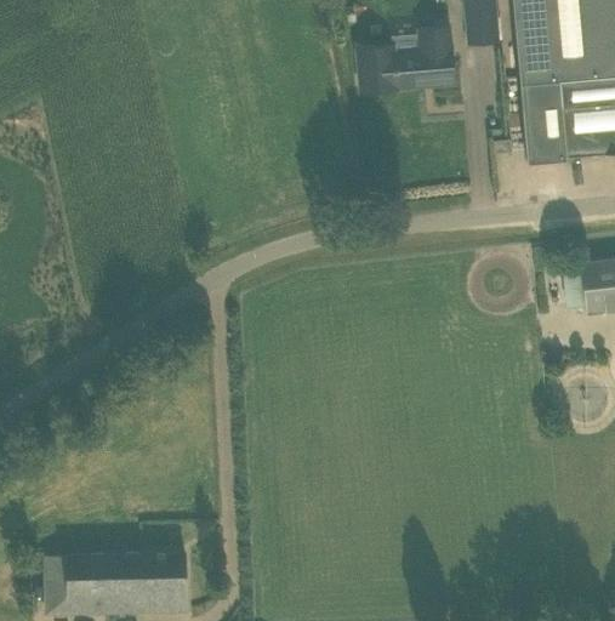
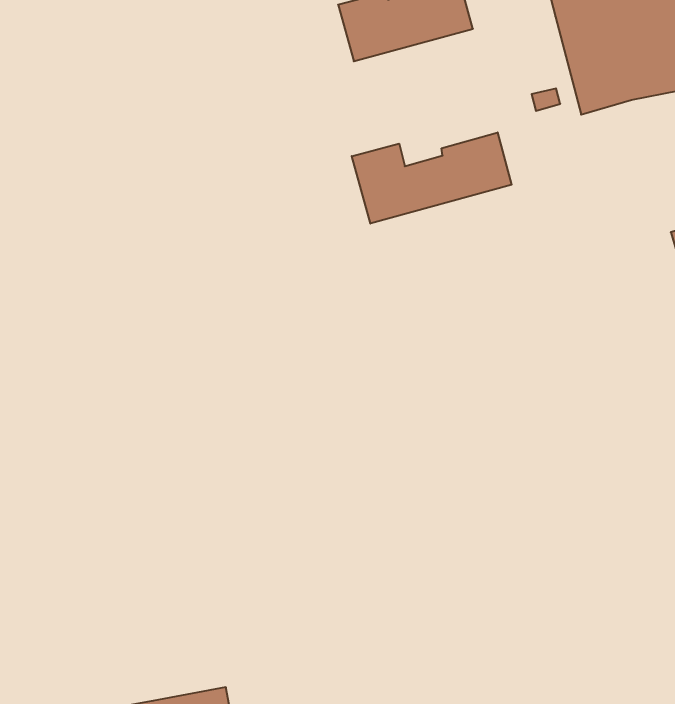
building: none -> [352,132,512,224]

